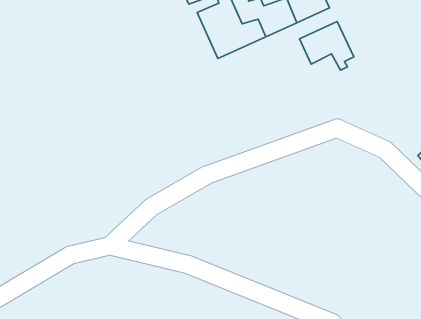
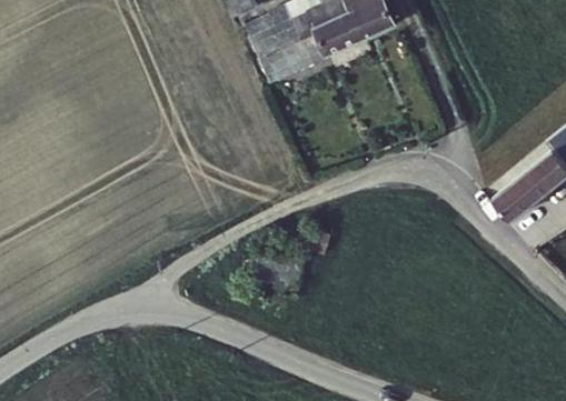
building: [300,21,354,70] -> none

